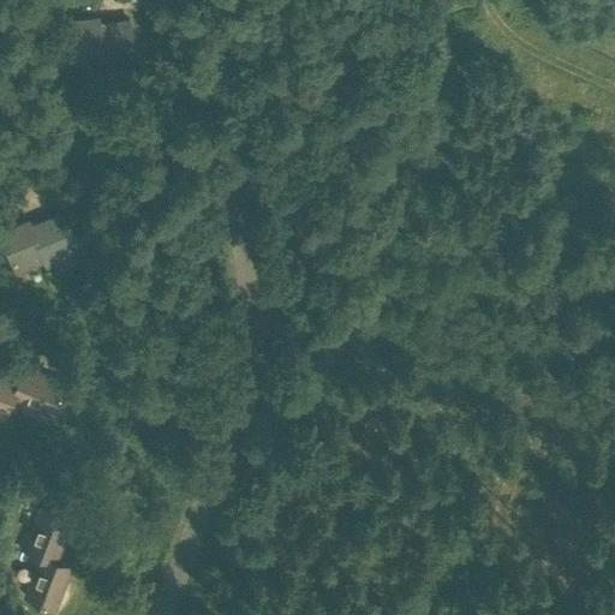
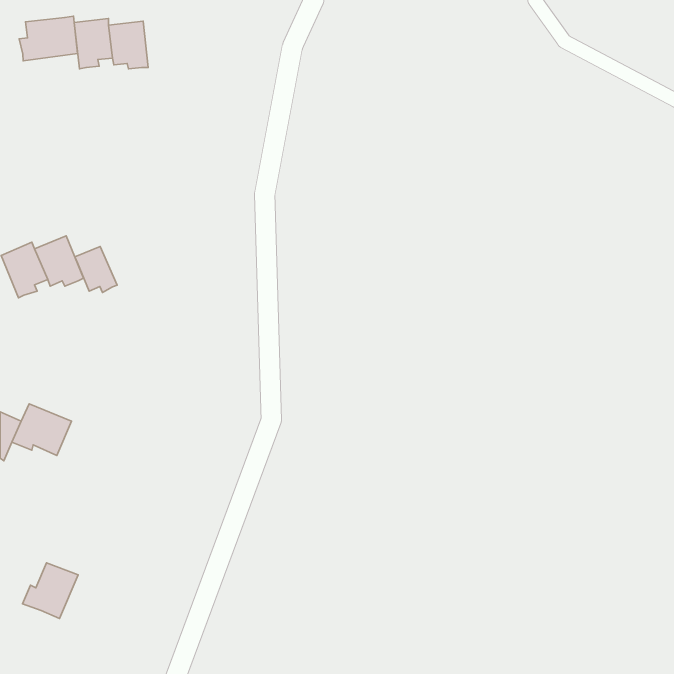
building: none -> [19,16,78,61]
building: none -> [75,247,117,293]
building: [29,556,73,609] -> none

